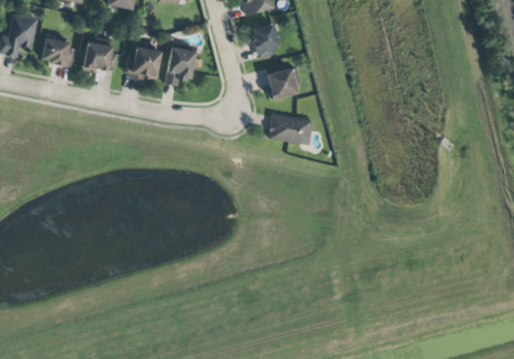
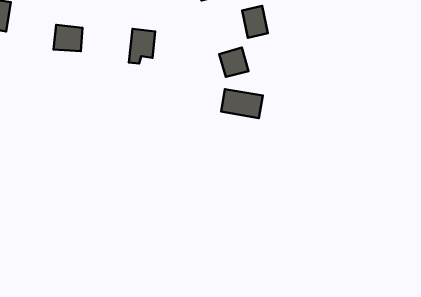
building: [251,23,279,58] -> [242,6,268,38]
building: [41,37,74,67] -> none
building: [126,48,160,79] -> none

